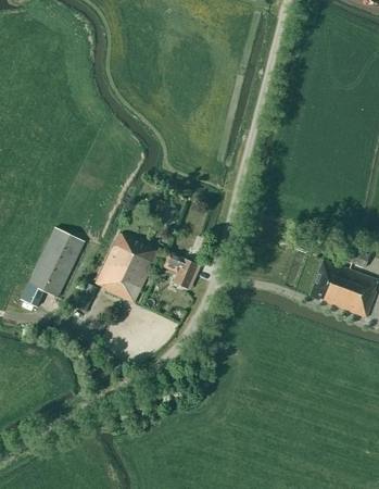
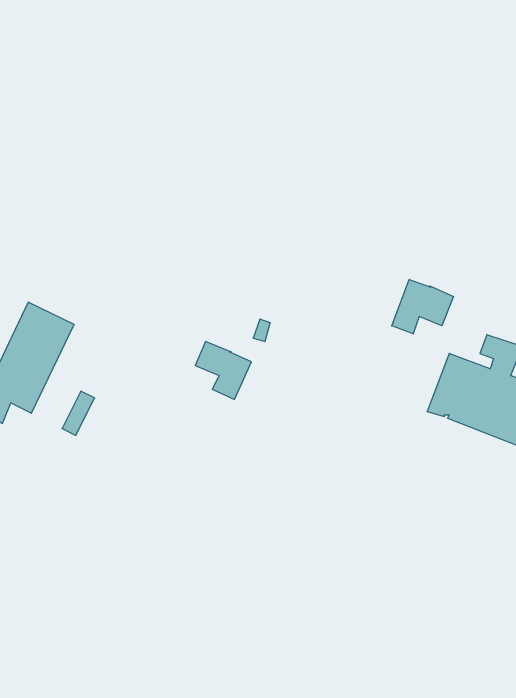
building: none -> [392,279,453,334]
building: [94,233,157,302] -> none

